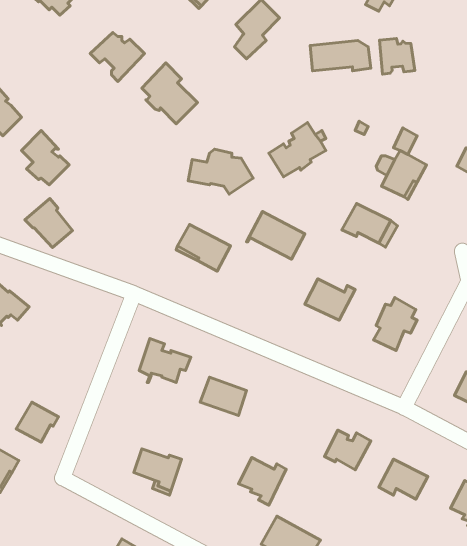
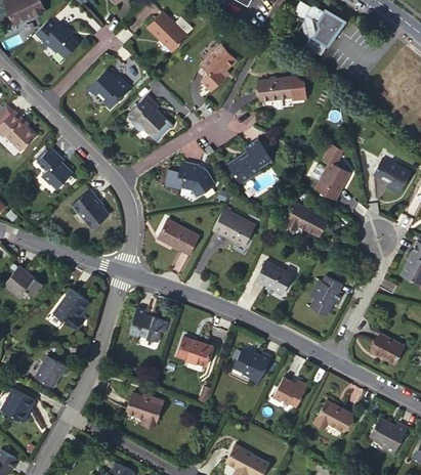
building: [379,38,415,74] -> none
building: [25,199,72,248] -> [72,189,109,227]
building: none -> [53,290,89,331]
building: [239,457,286,505] -> [233,347,269,384]

